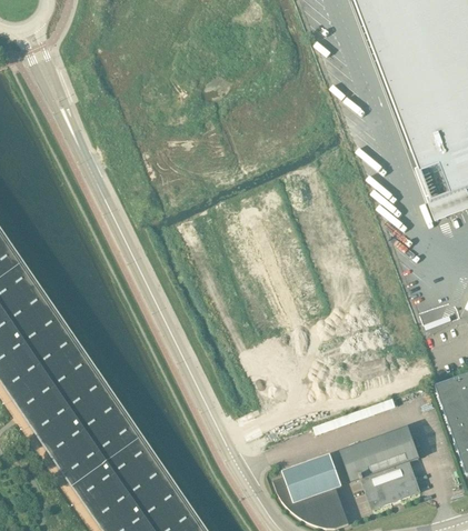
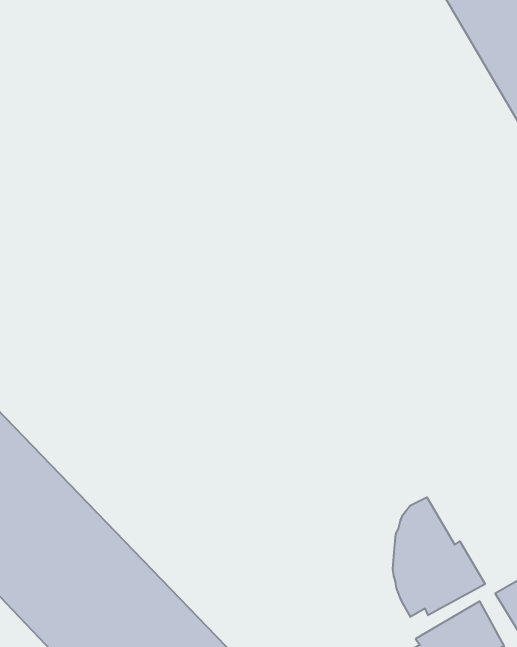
building: none -> [393,497,485,617]

